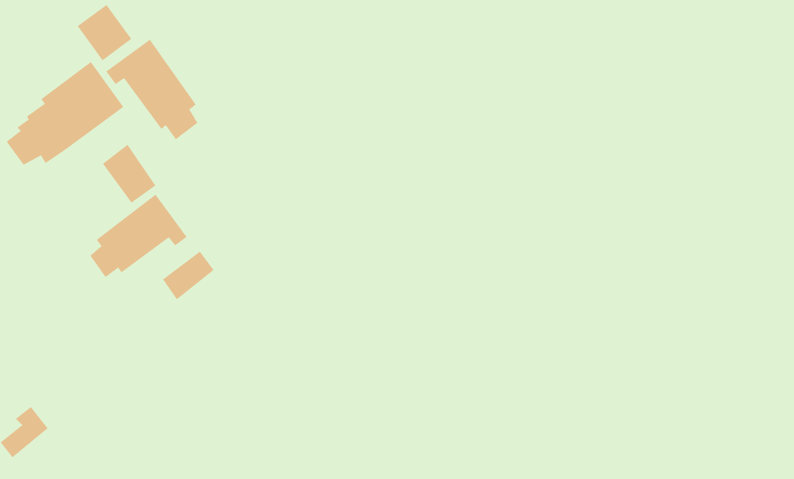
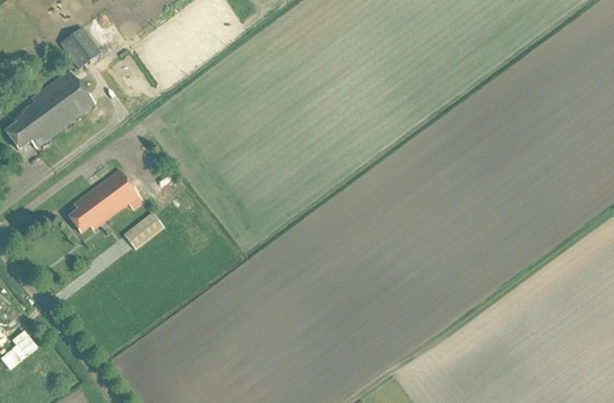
building: [105,39,198,140] -> none
building: [102,144,156,204] -> none

